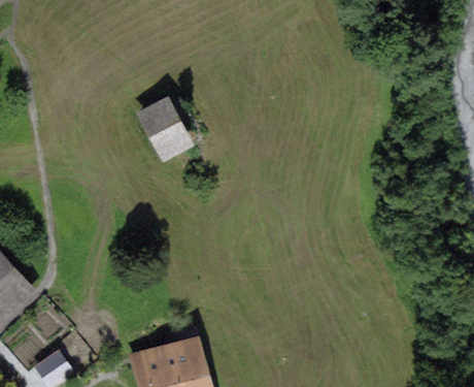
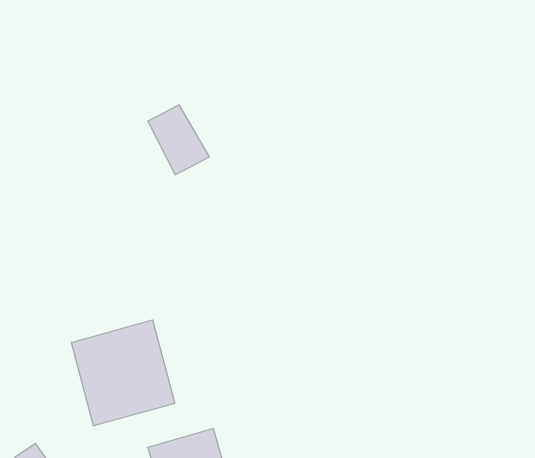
building: none -> [71,320,175,426]

